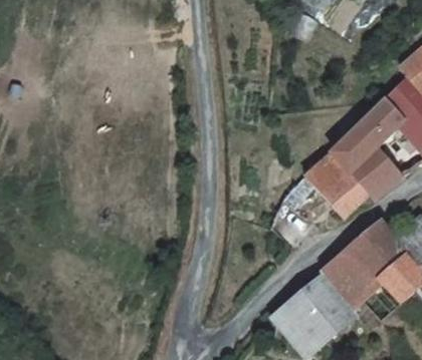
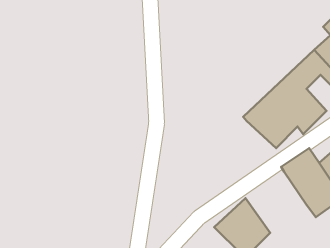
building: [308,246,383,320] -> none

